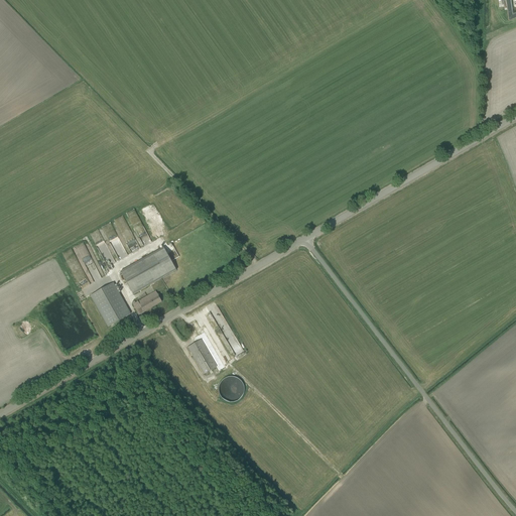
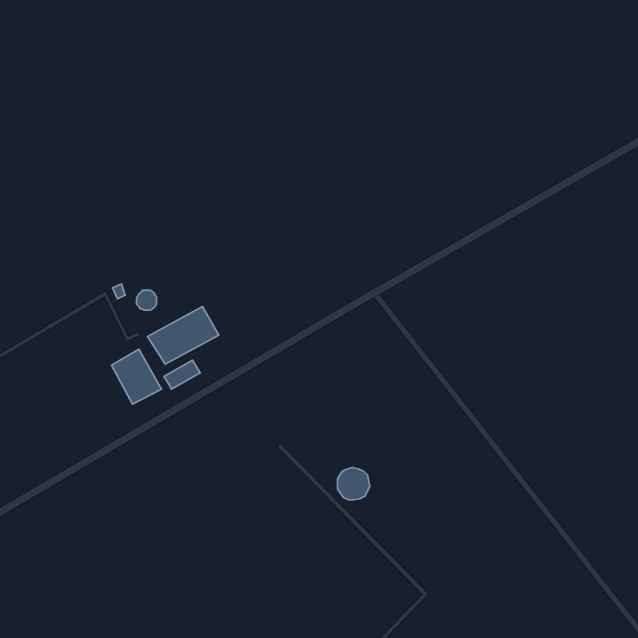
building: [187,330,228,373] -> none
building: [217,374,243,400] -> [337,467,370,500]

